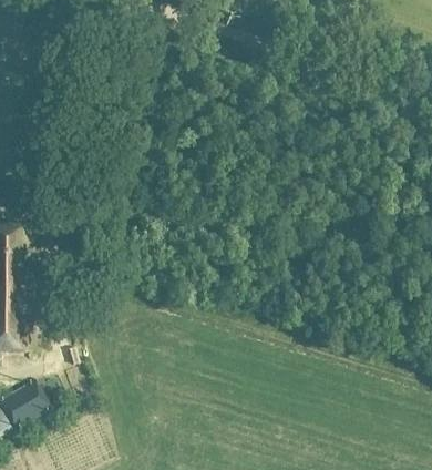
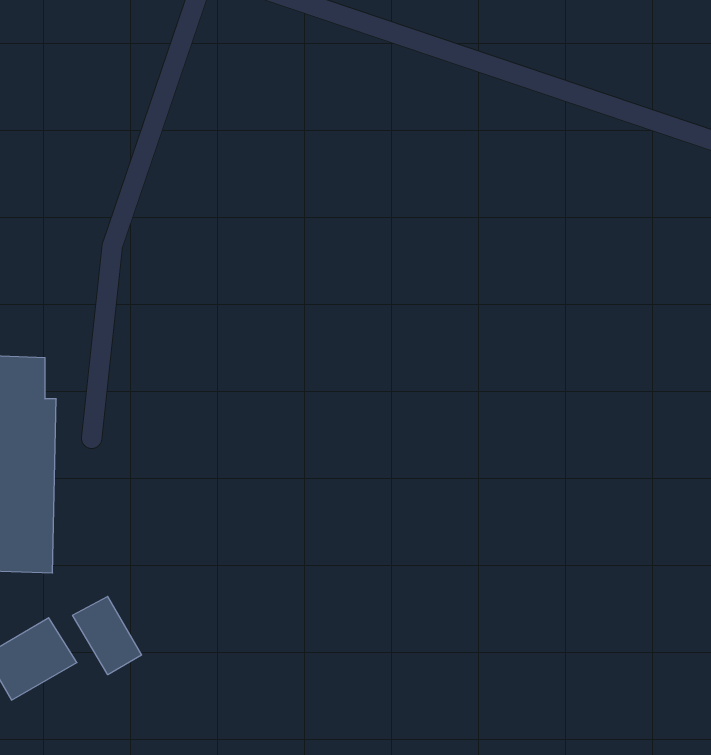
building: none -> [73,596,142,675]

